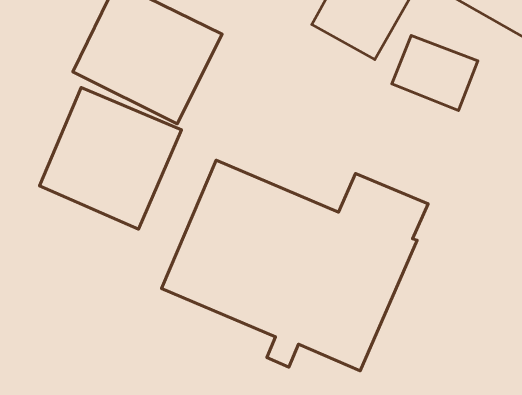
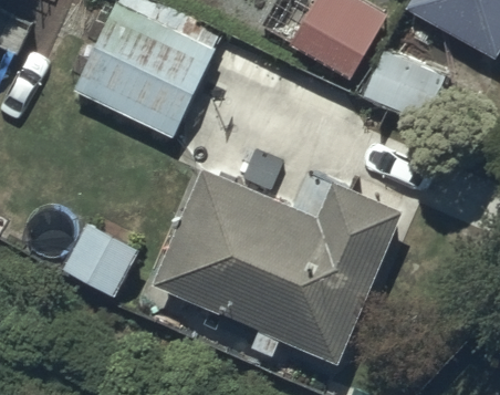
building: [39,87,181,229] -> none

